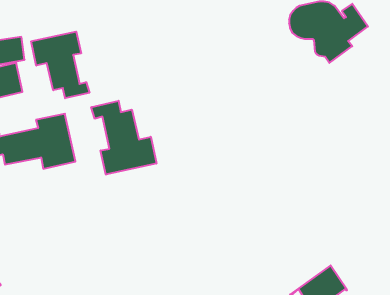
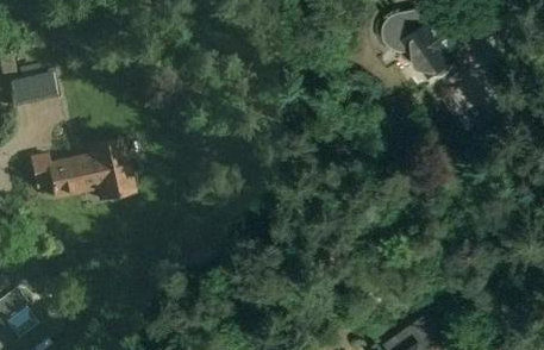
building: [31,32,89,98] -> none
building: [91,101,156,175] -> none

